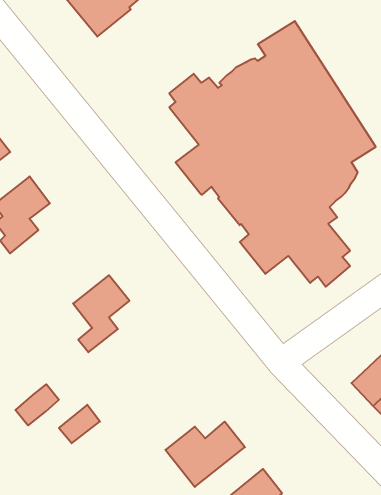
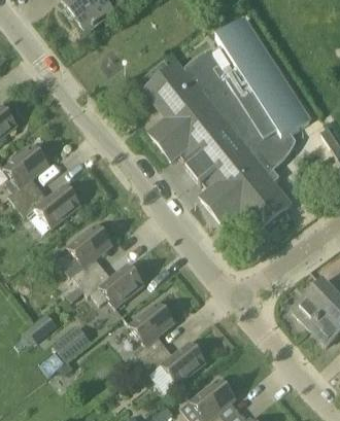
building: none -> [18,182,81,226]
building: none -> [80,261,145,306]
building: none -> [131,301,175,362]

